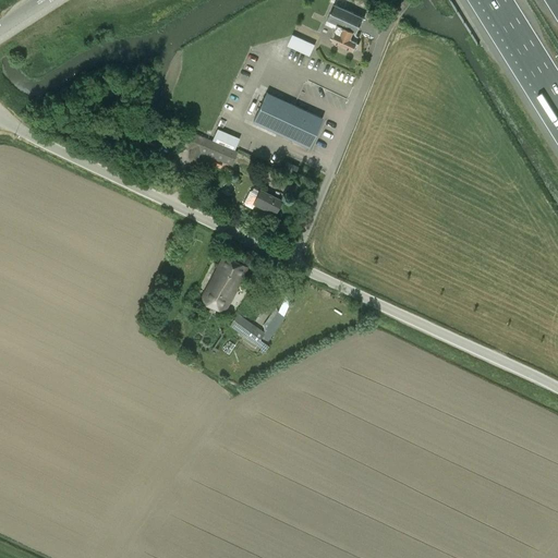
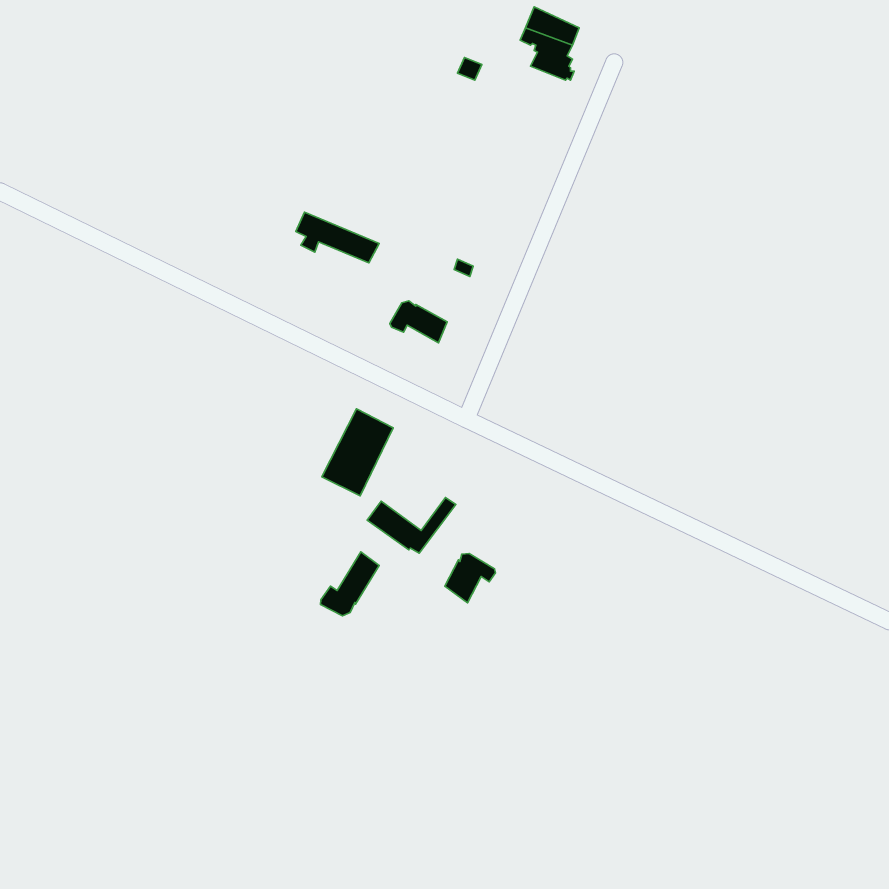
building: [253,93,323,148] -> none
building: none -> [321,552,379,616]
building: none -> [445,554,495,603]

